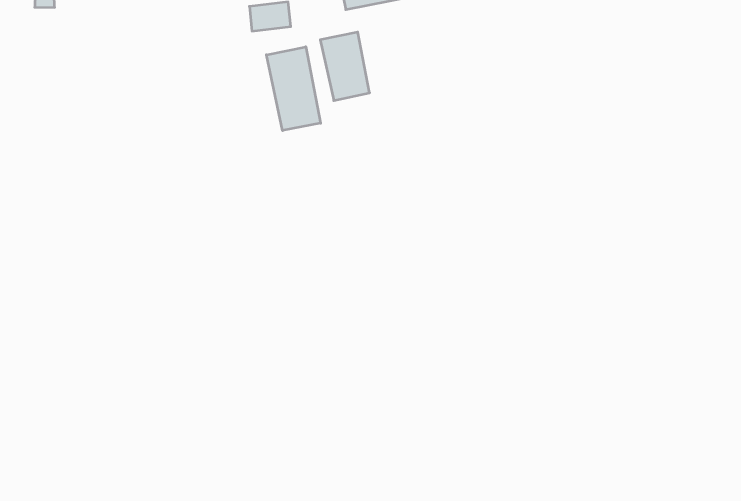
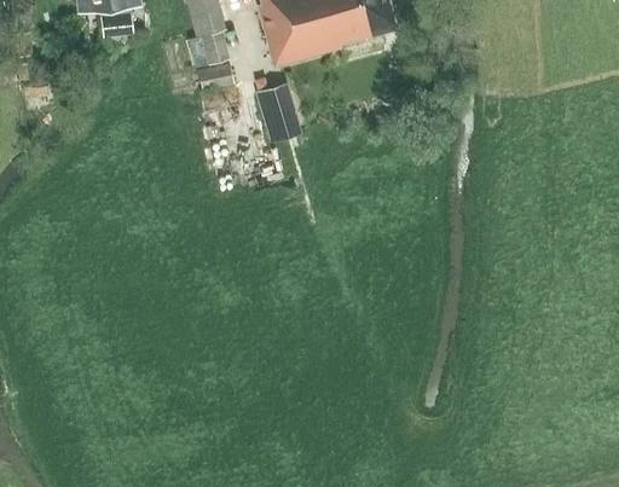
building: [266,47,321,131] -> none

